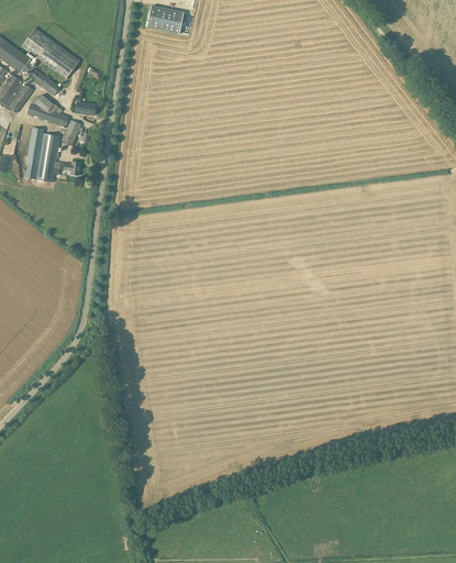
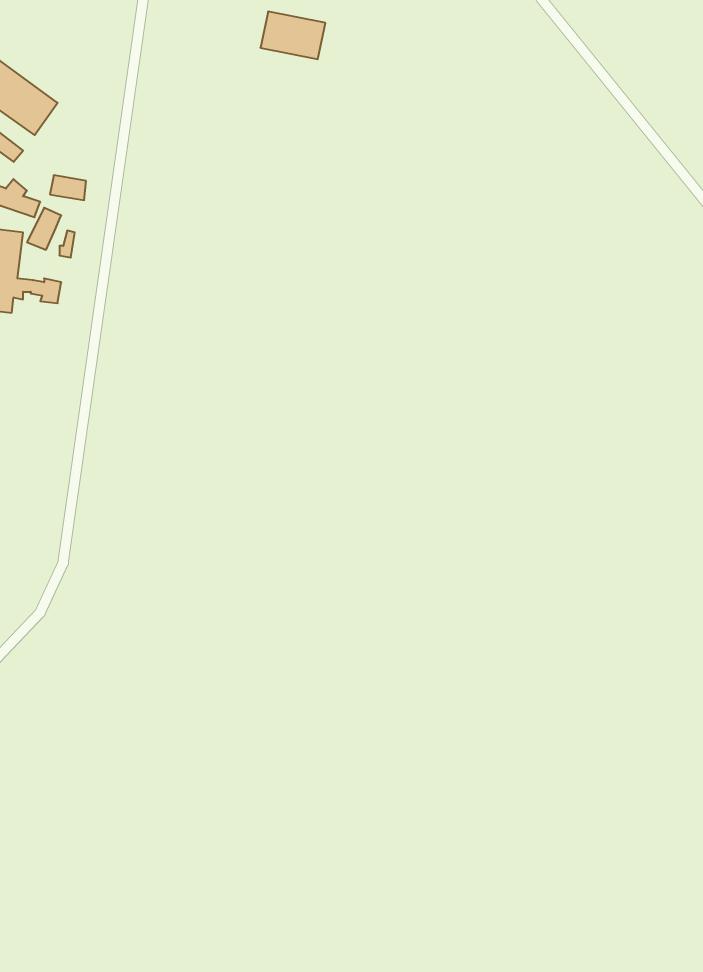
building: [146,5,183,33] -> [260,12,325,59]

